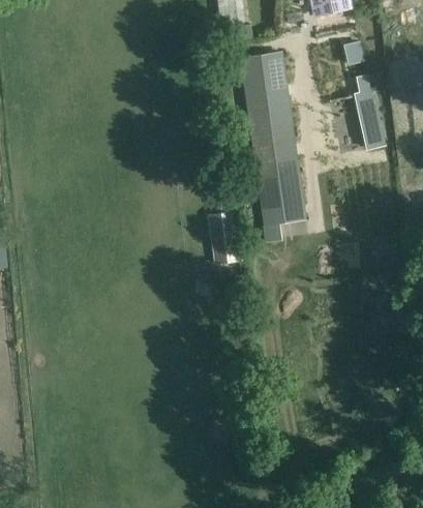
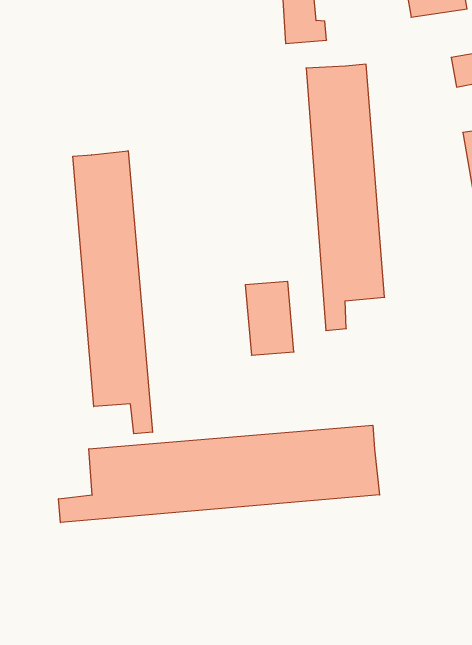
building: none -> [73,151,153,434]
building: none -> [59,425,380,523]

